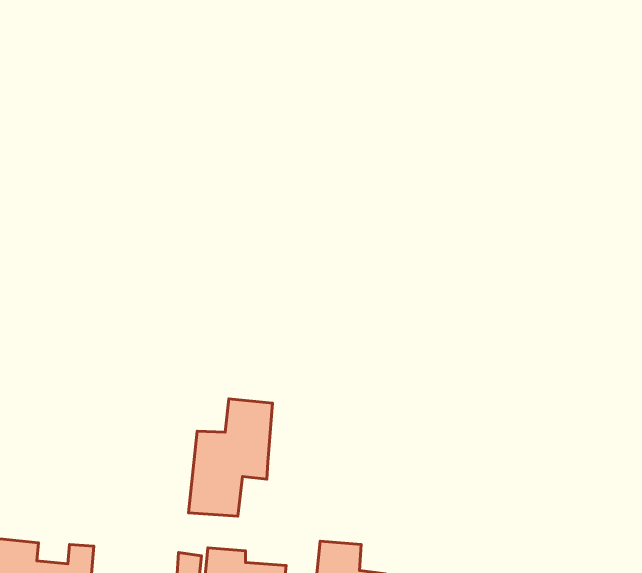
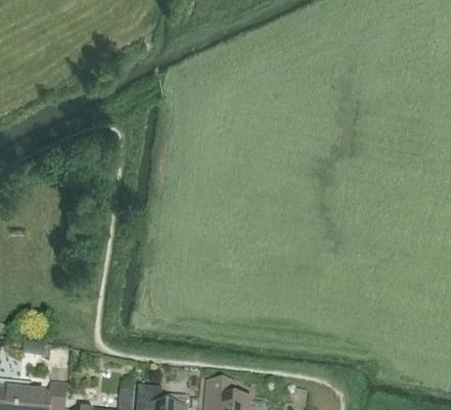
building: [189,399,273,516] -> none

